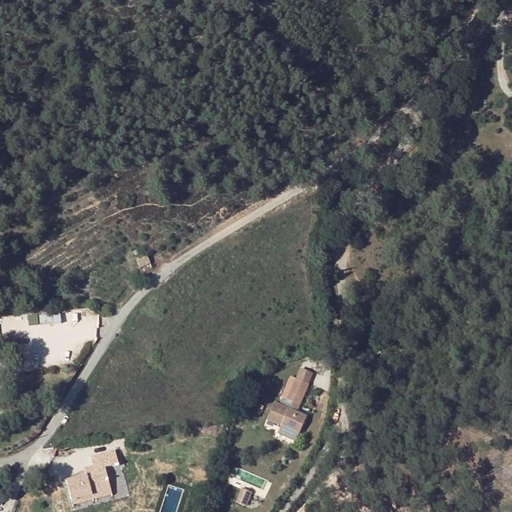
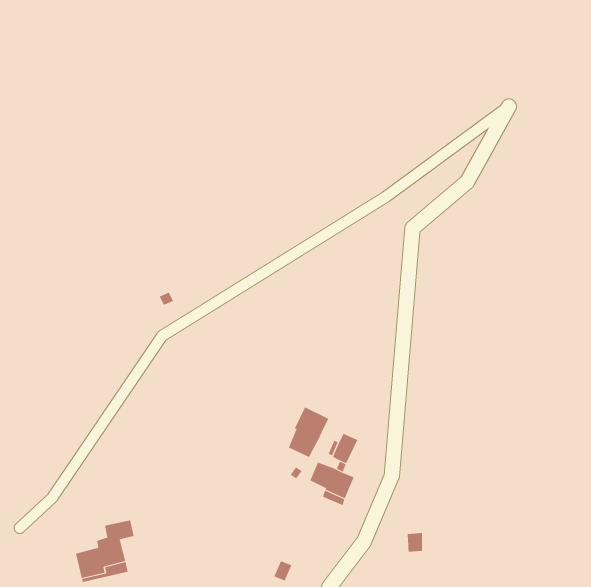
building: none -> [288,406,329,458]

